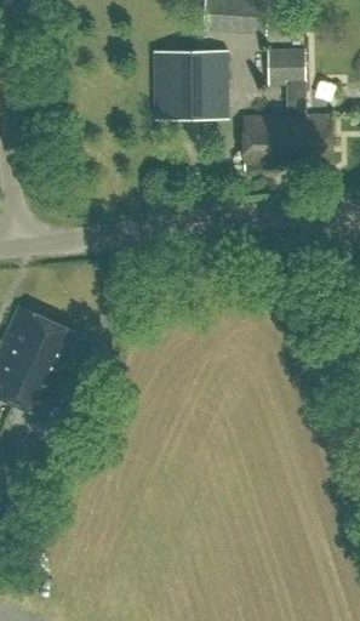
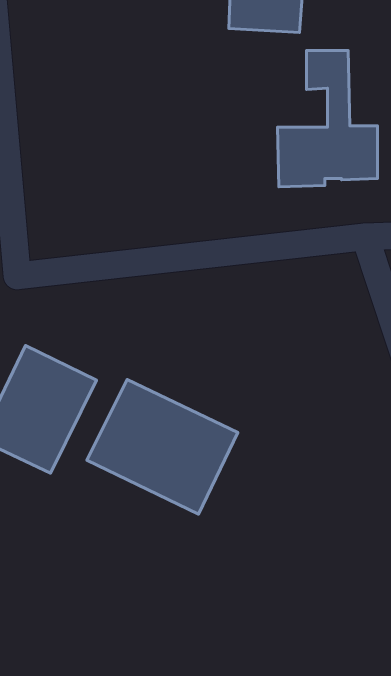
building: [154,52,229,118] -> none
building: none -> [87,380,238,514]

